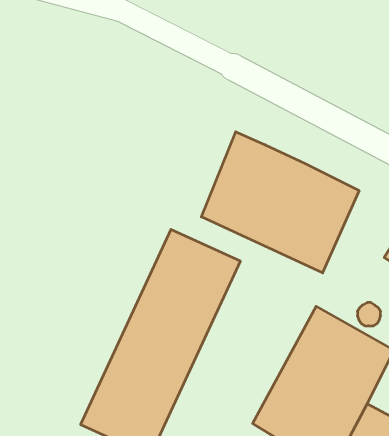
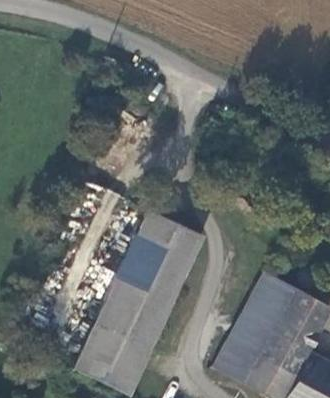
building: [201,132,359,273] -> none

